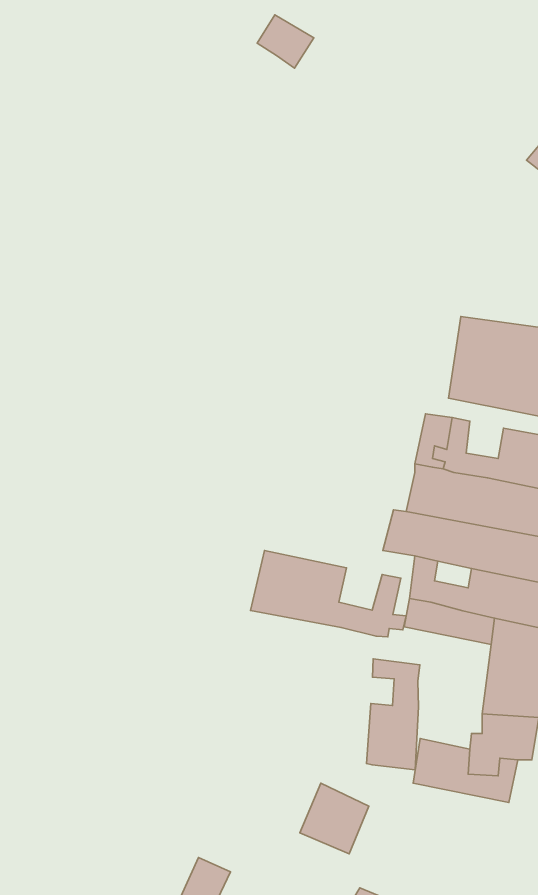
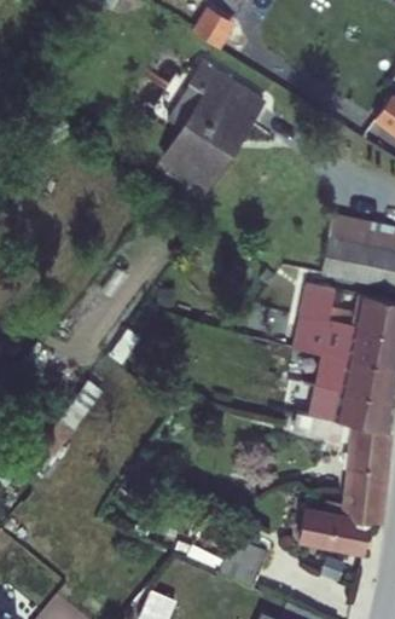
building: none -> [163,66,260,187]
building: [251,550,406,637] -> none
building: [367,659,420,770] -> none

